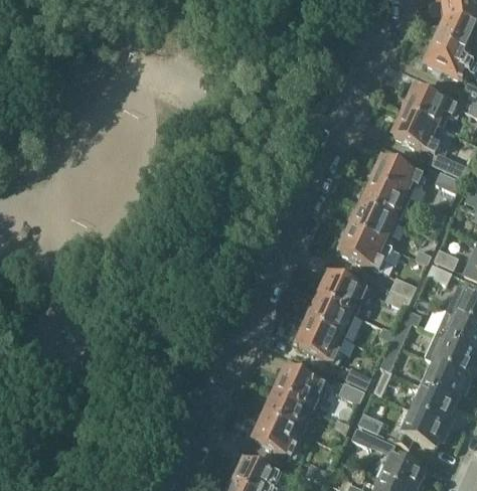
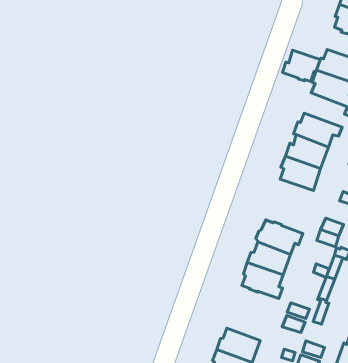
building: none -> [282,50,320,82]
building: [339,226,385,271] -> none
building: [274,367,326,407] -> none

